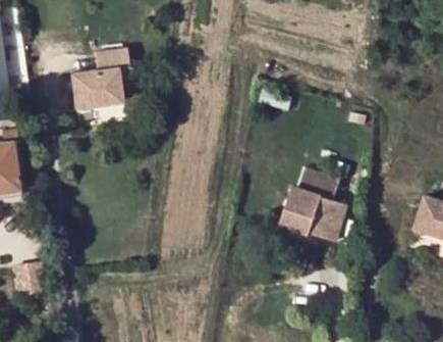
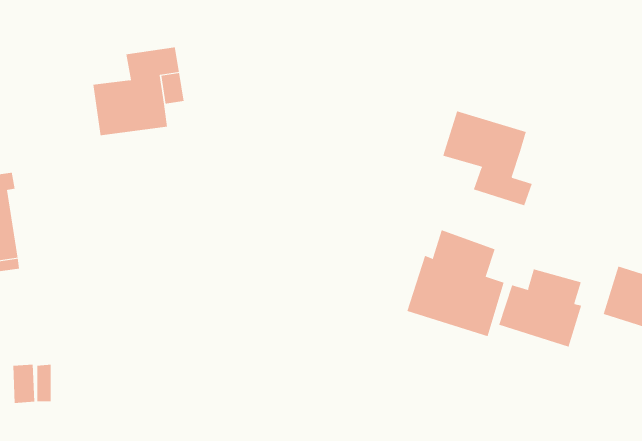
building: none -> [442,110,532,206]
building: none -> [499,269,582,347]

